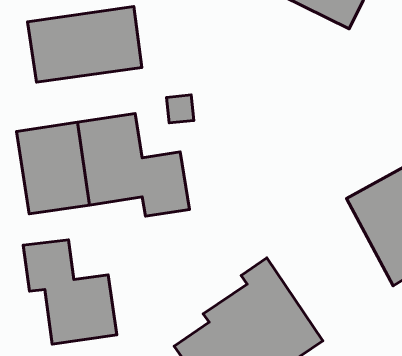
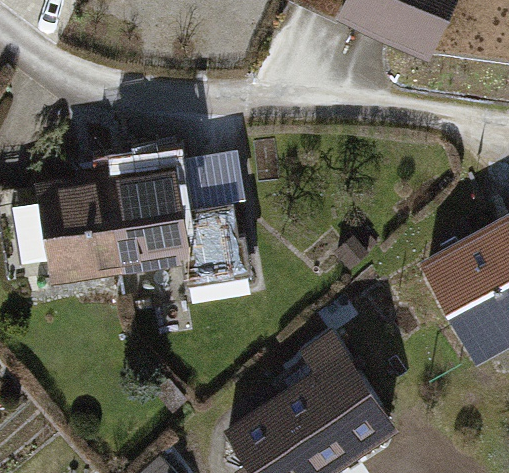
building: [27,6,142,82] -> none
building: [23,240,117,344] -> none

